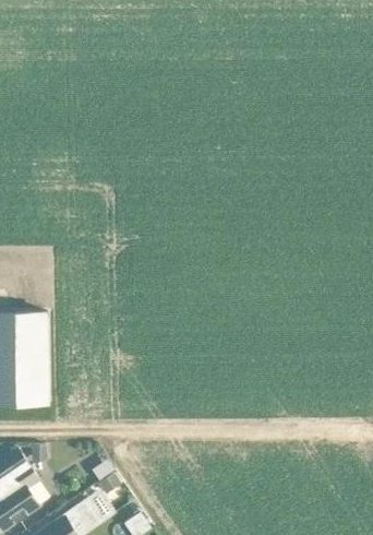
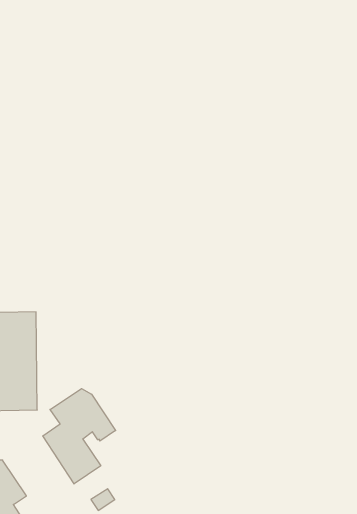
building: none -> [43,389,116,484]

